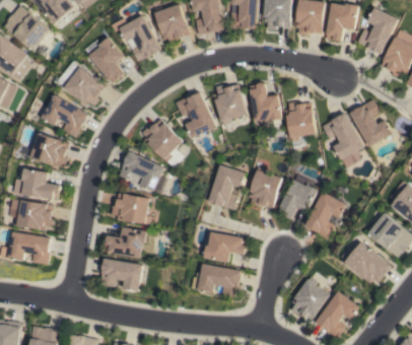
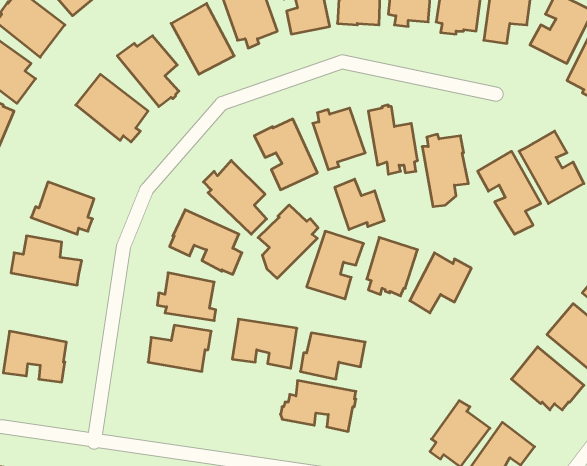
building: [42,94,88,138] -> none
building: none -> [335,179,384,230]
building: none -> [258,205,318,278]
building: [304,192,346,239] -> none
building: [14,200,54,230] -> none
building: [99,259,142,291] -> [232,319,297,368]

